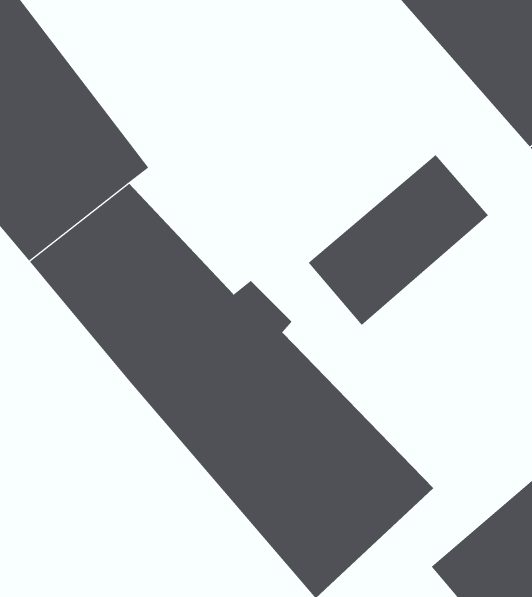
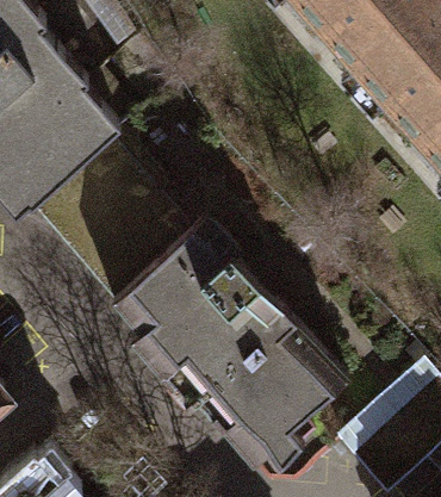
building: [308,154,489,326] -> none

